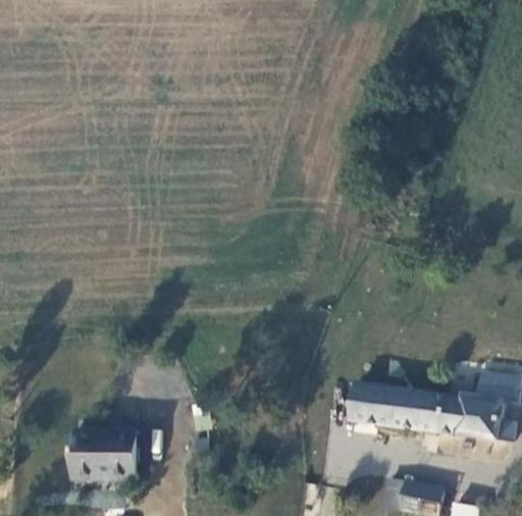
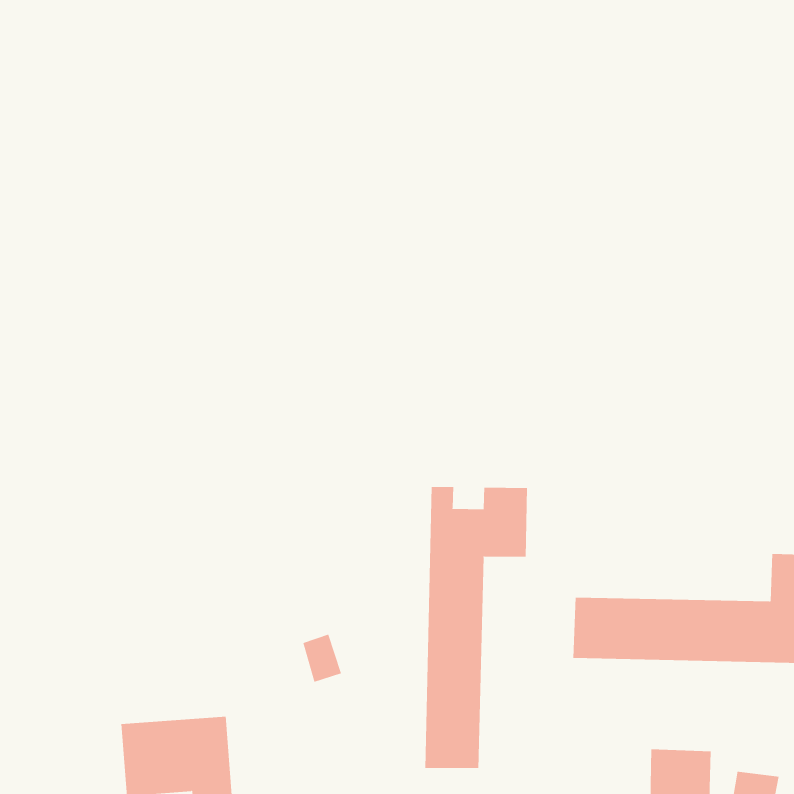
building: none -> [425,486,527,769]

